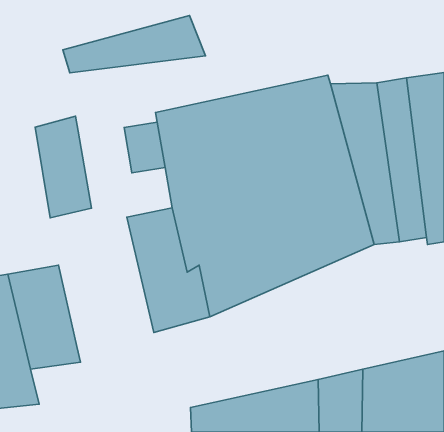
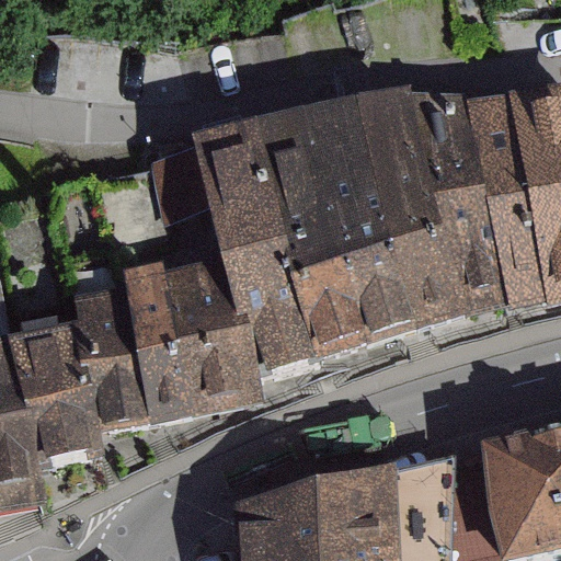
building: [63,16,205,73] -> none
building: [35,116,92,218] -> none
building: none -> [70,273,193,435]

